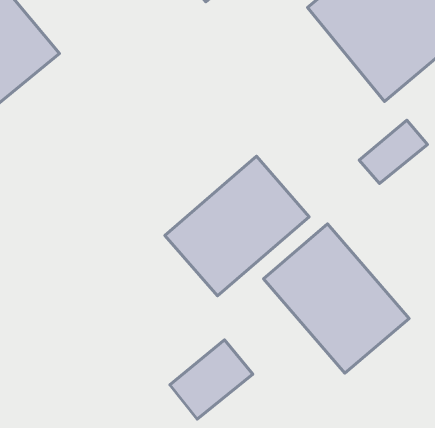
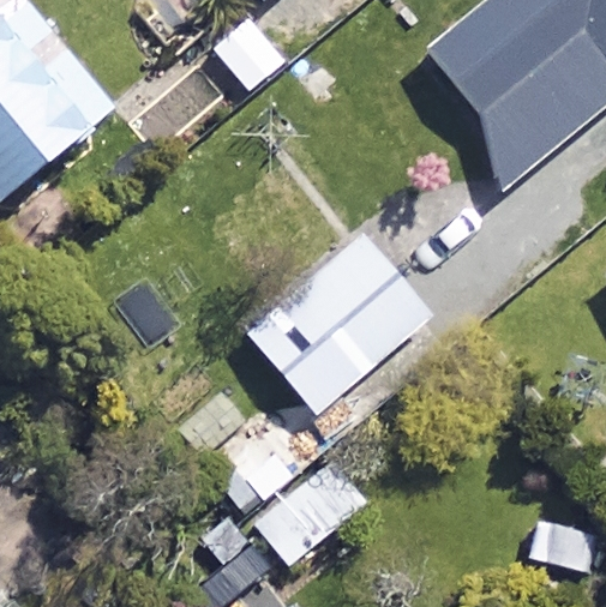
building: [263,224,409,373] -> none

